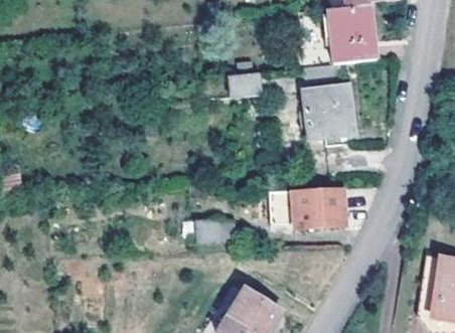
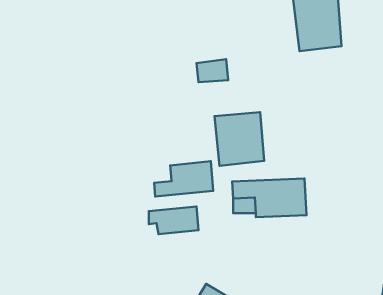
building: [306,81,356,136] -> [215,112,264,166]
building: none -> [154,161,213,197]

